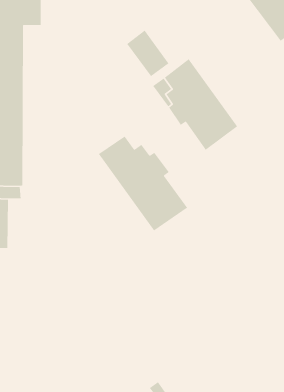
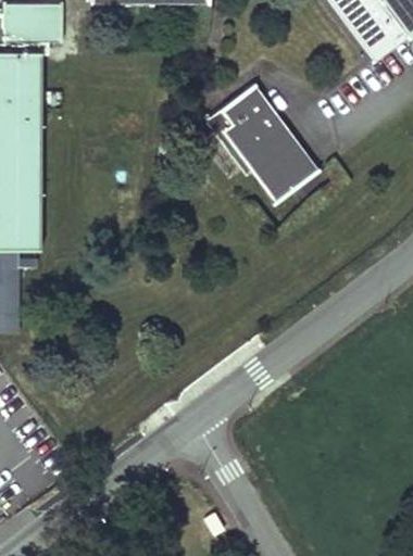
building: [126,29,170,77] -> none
building: [98,136,188,232] -> none

